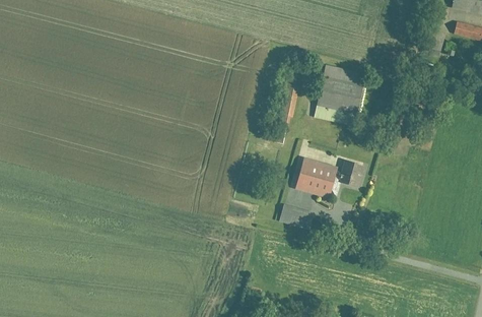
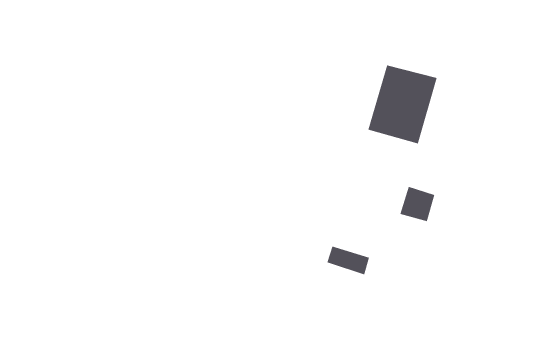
building: [294,154,339,198] -> none

